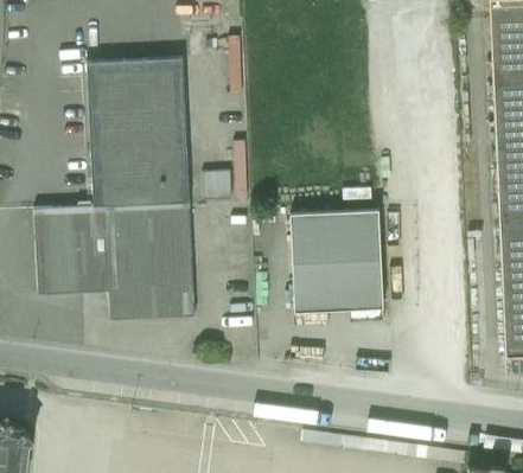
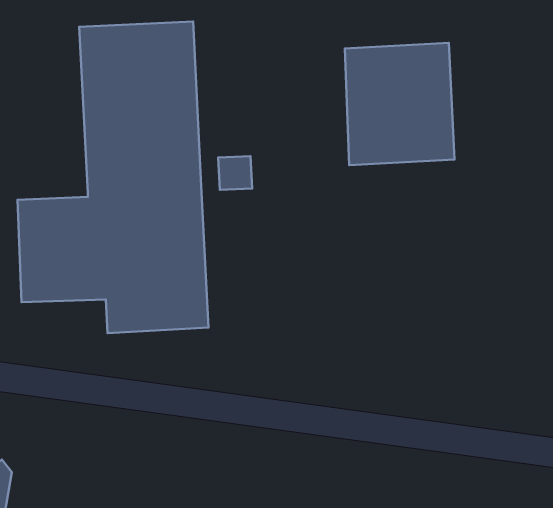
building: [292,209,384,312] -> [345,43,454,165]

